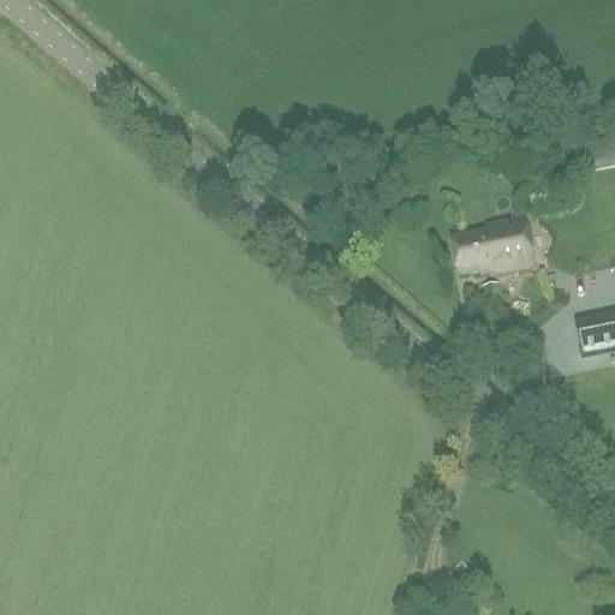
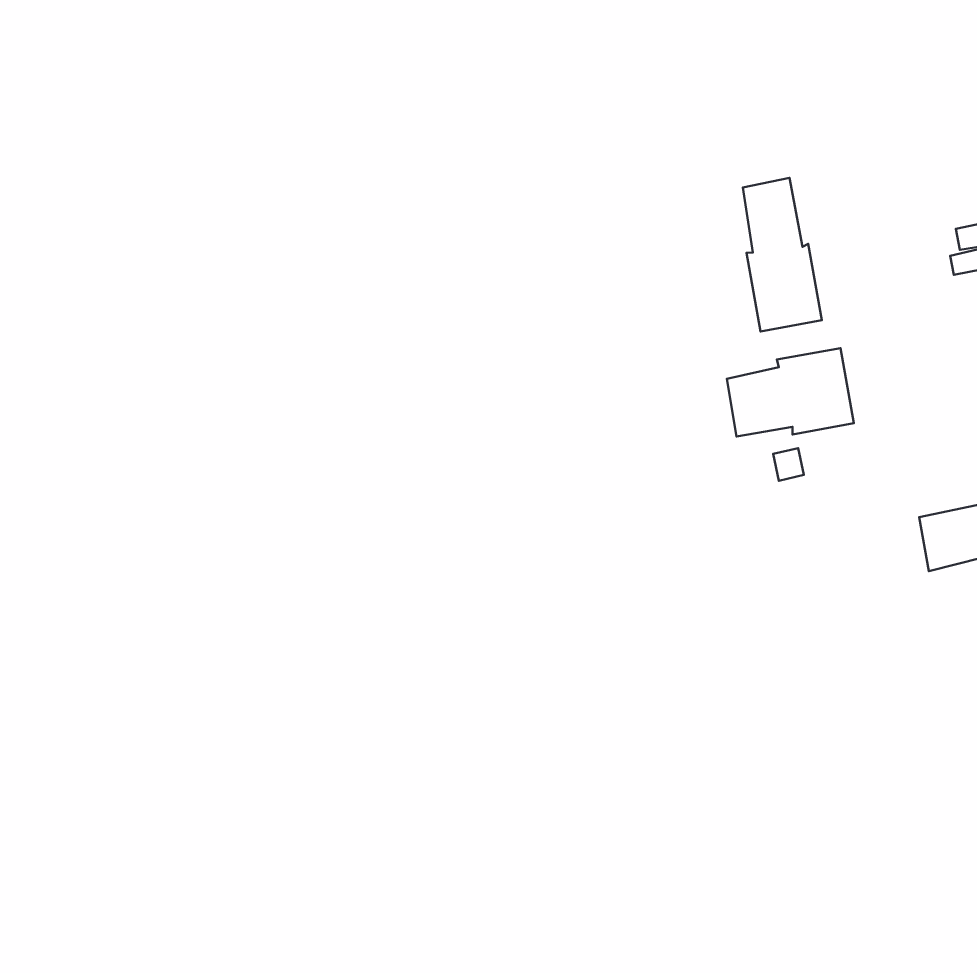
building: none -> [743,178,822,332]

